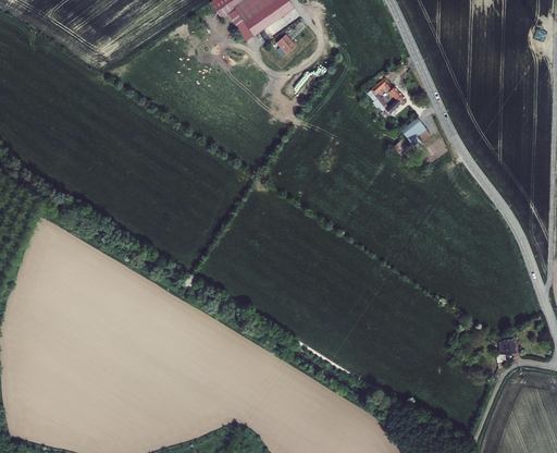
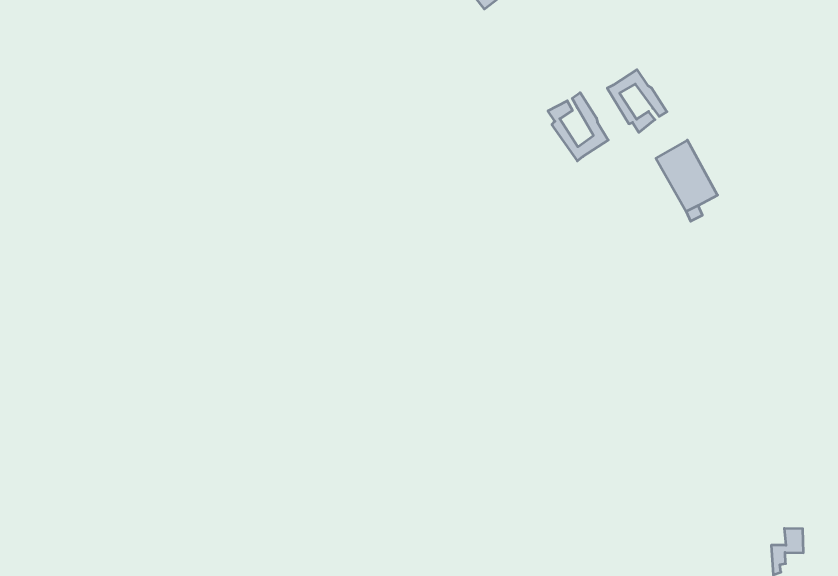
building: none -> [548,93,608,161]

